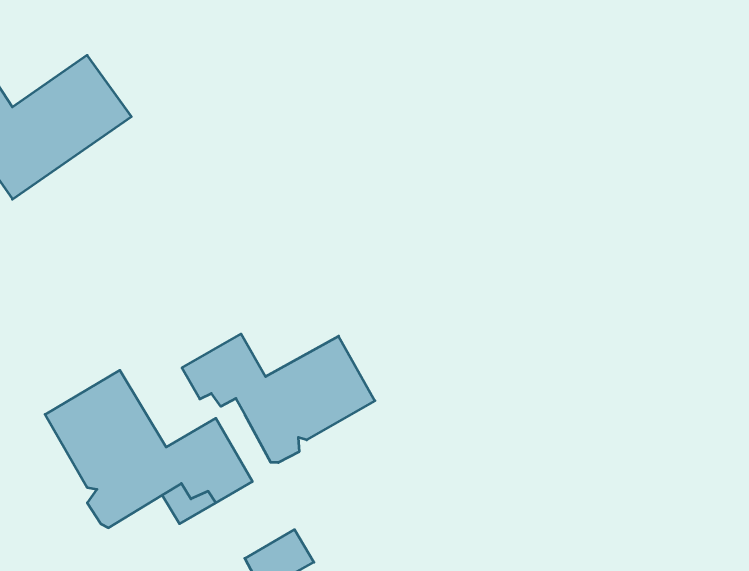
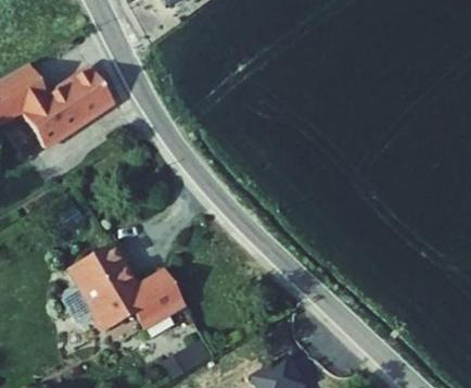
building: [182,334,375,463] -> none

